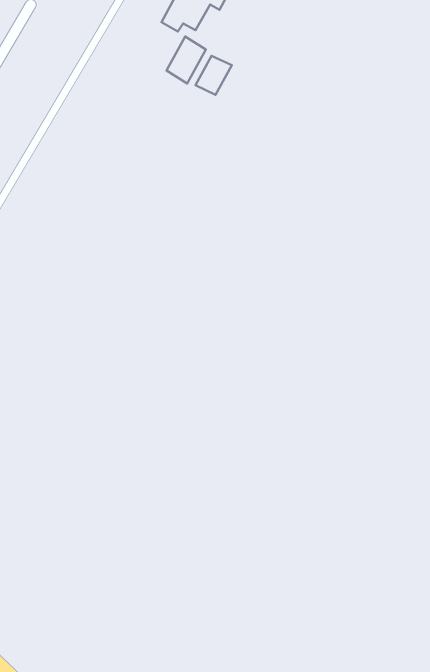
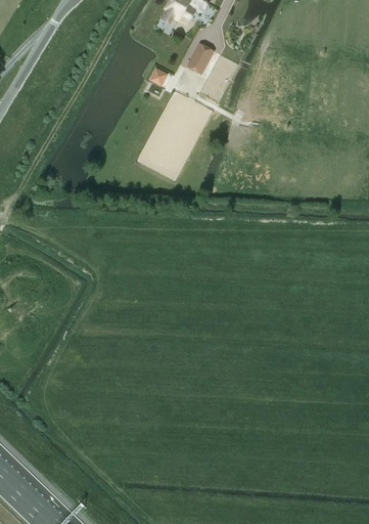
building: [166,36,206,84] -> none

